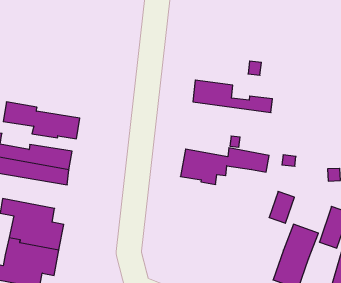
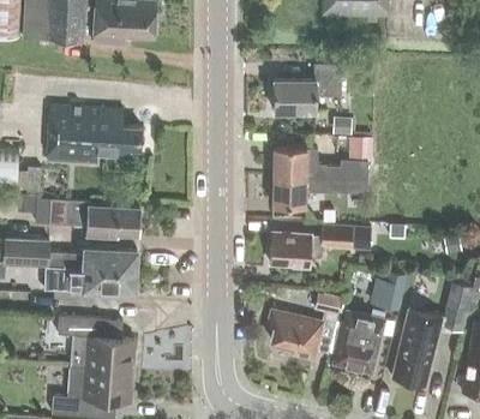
building: none -> [274,64,341,112]
building: none -> [48,107,140,162]
building: none -> [272,174,368,206]
building: none -> [269,292,343,358]
building: none -> [335,313,383,372]

